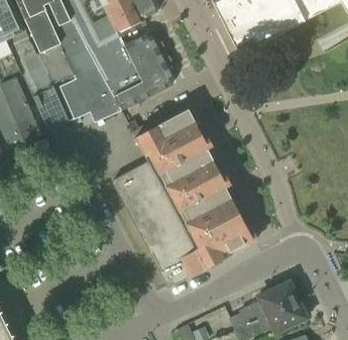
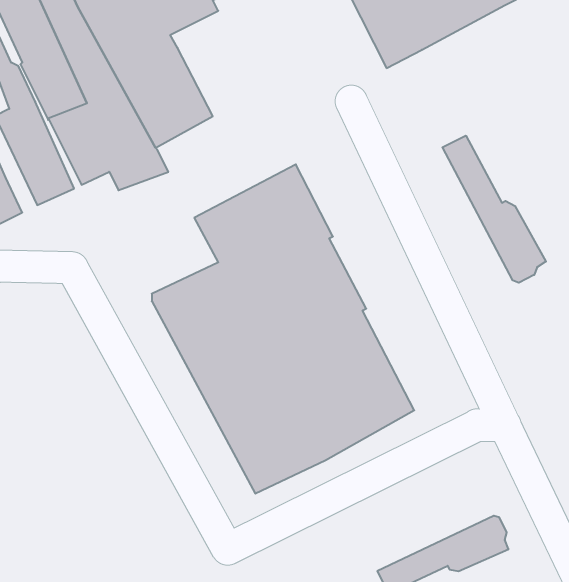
building: [113,30,175,112] -> none
building: none -> [442,136,546,283]
building: [229,285,298,330] -> none

